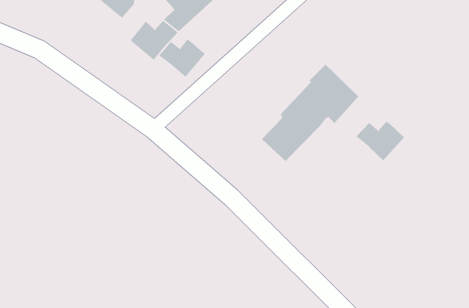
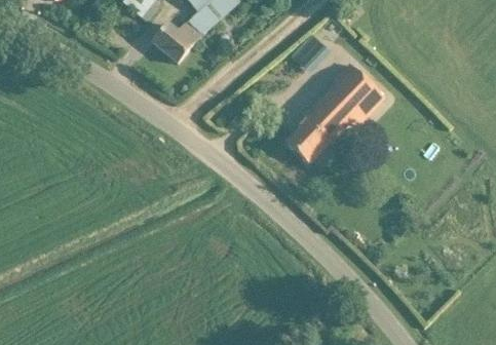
building: [158,39,206,78] -> none
building: [355,121,405,161] -> none

